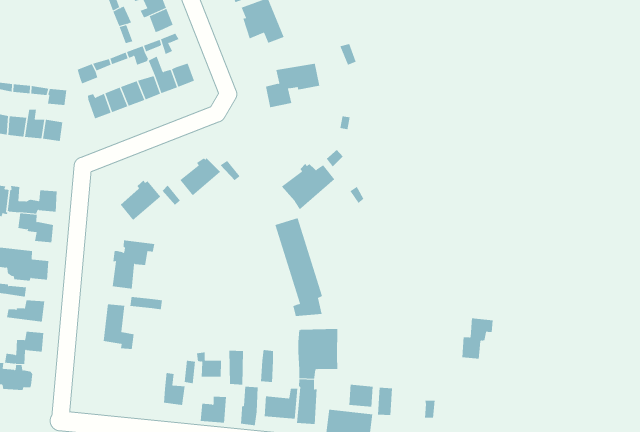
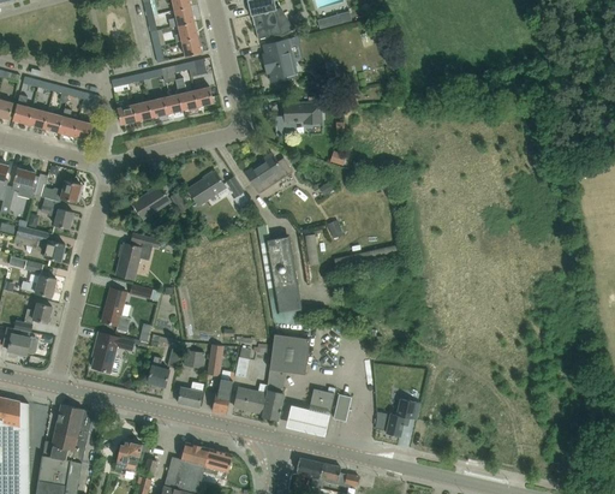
building: [281,163,335,210] -> [244,154,292,195]
building: [462,318,493,359] -> [384,399,417,436]
building: none -> [91,332,133,373]

